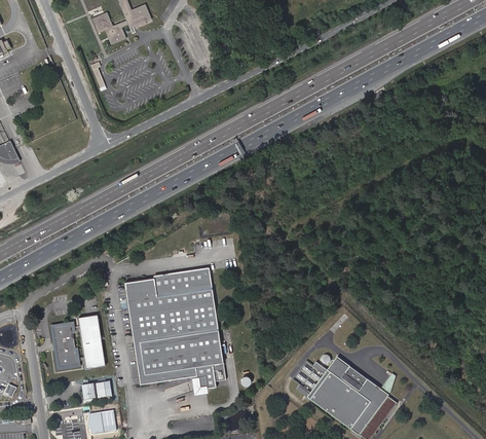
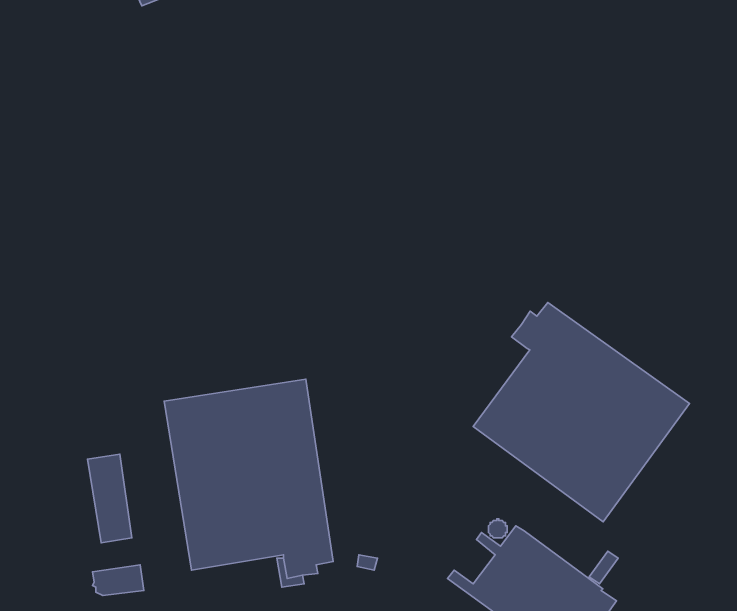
building: none -> [473,302,689,522]
building: [49,321,79,369] -> none

